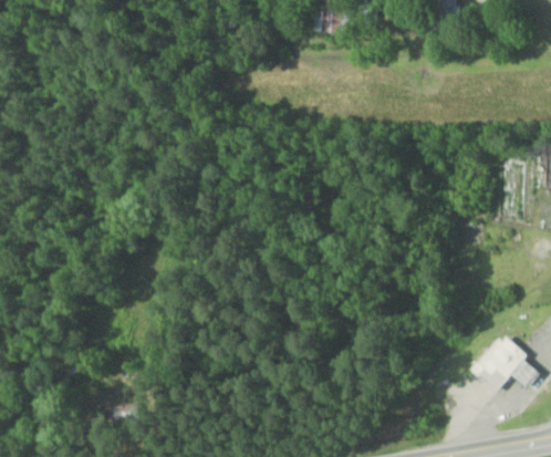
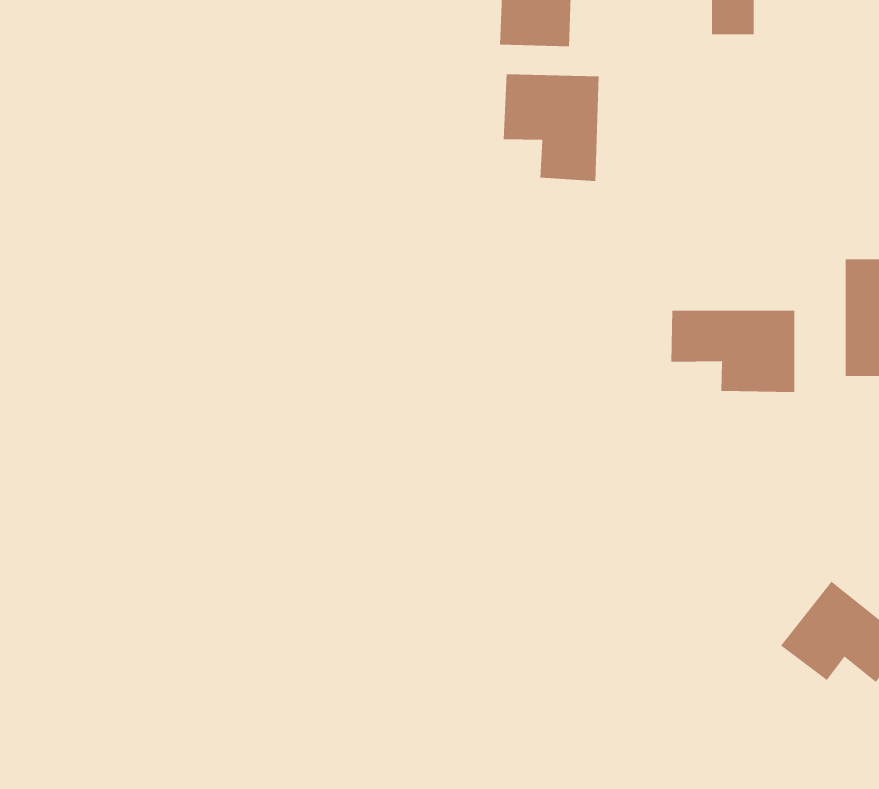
building: none -> [503,73,599,182]
building: none -> [671,310,795,393]

